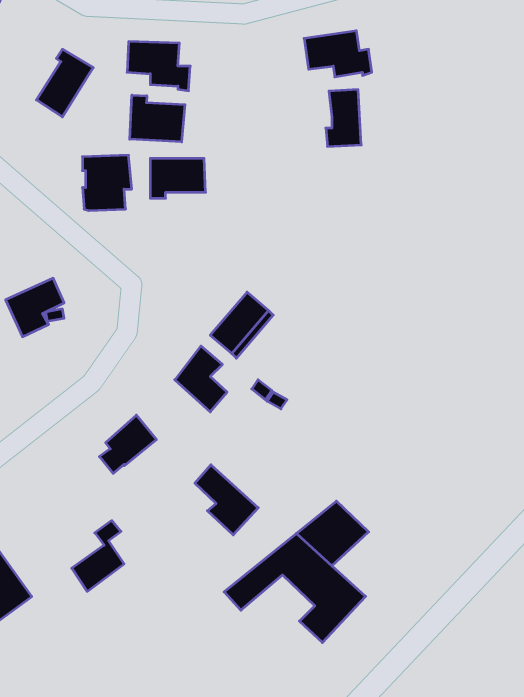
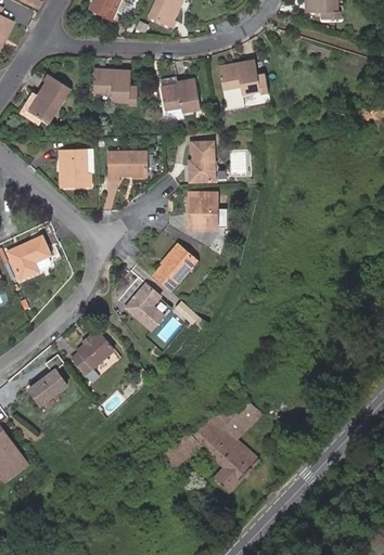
building: none -> [159,76,199,111]
building: [326,90,361,146] -> [191,141,216,181]
building: [130,95,185,142] -> none
building: none -> [191,193,220,229]
building: [195,465,258,535] -> none
building: [72,521,124,591] -> [28,356,65,405]

